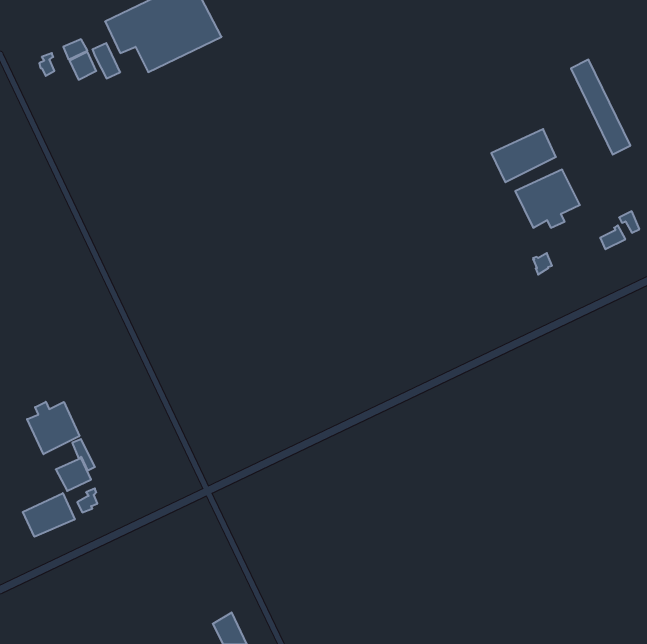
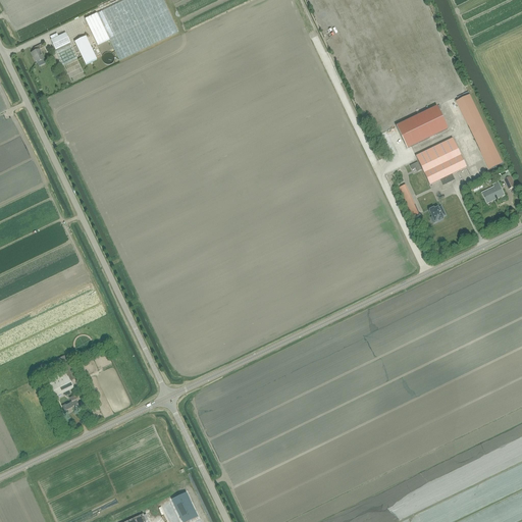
building: [571,60,630,155] -> [456,93,504,169]
building: [27,402,79,454] -> none
building: [23,493,75,537] -> none

